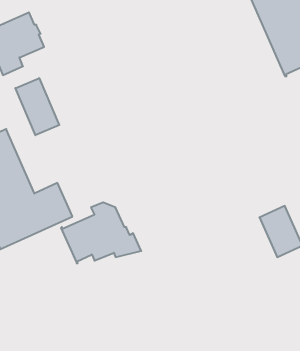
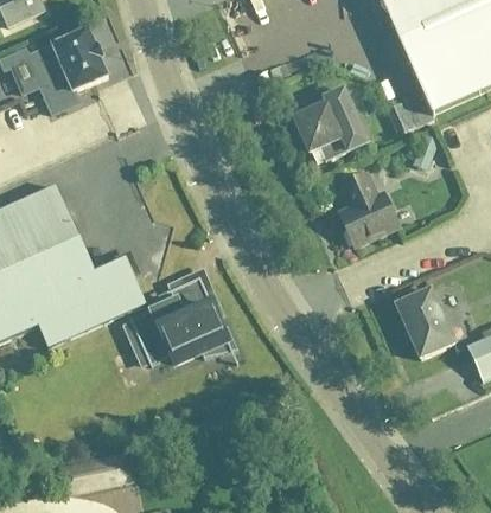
building: none -> [294,86,369,159]
building: [15,78,59,135] -> none
building: none -> [337,169,398,244]

